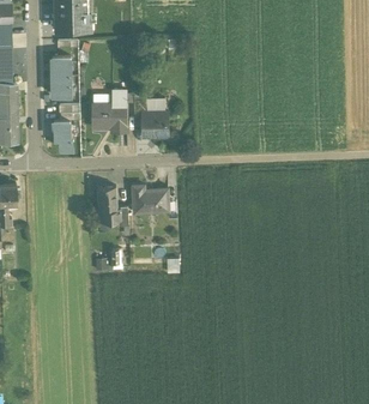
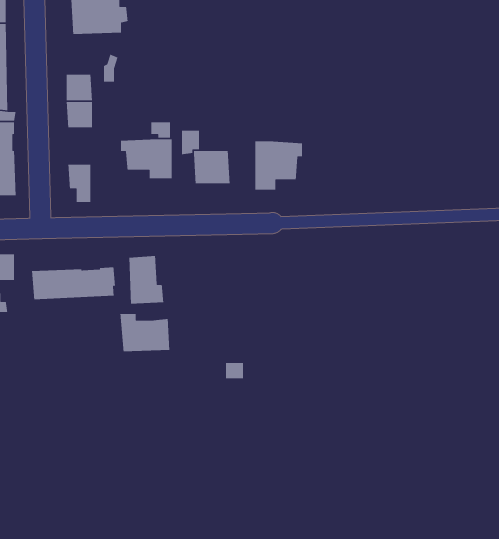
building: none -> [254,141,303,190]
building: [132,185,168,212] -> [119,313,170,352]
building: none -> [31,266,116,300]

